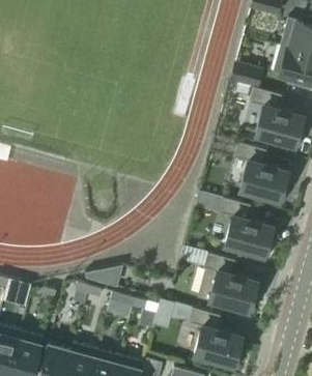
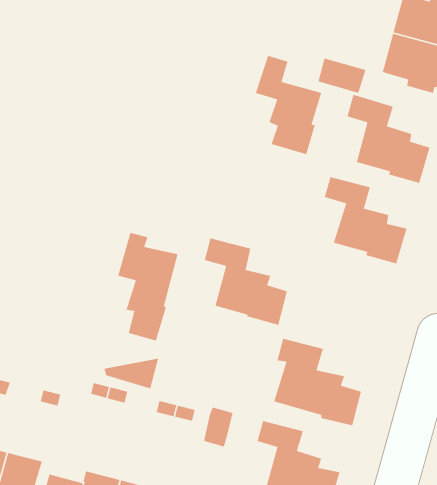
building: none -> [255,55,322,155]
building: none -> [117,232,179,342]
building: [218,199,275,259] -> [204,238,288,326]

